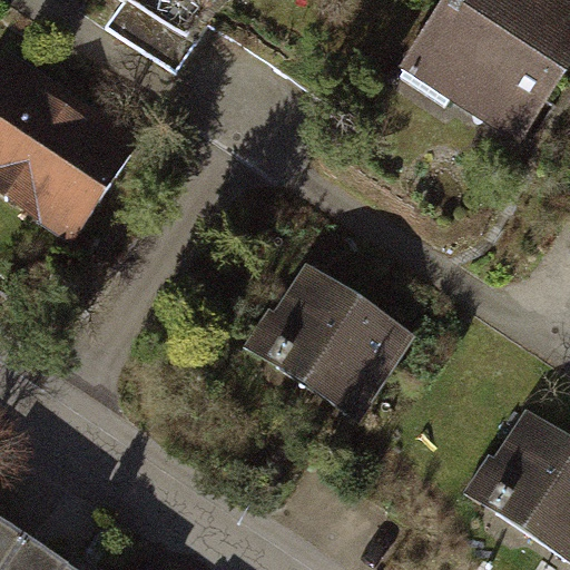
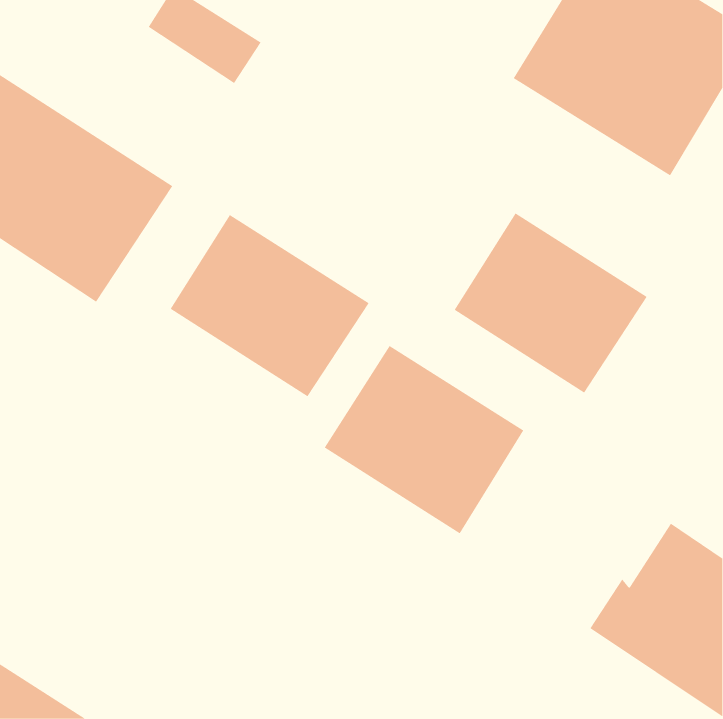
building: none -> [454,213,648,393]
building: none -> [170,214,370,397]

